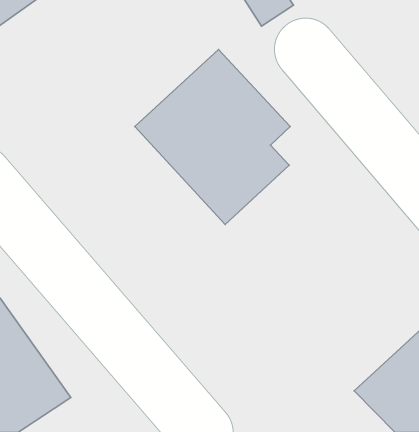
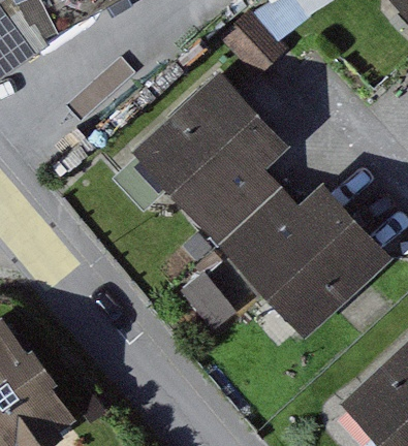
building: none -> [225,188,388,334]

